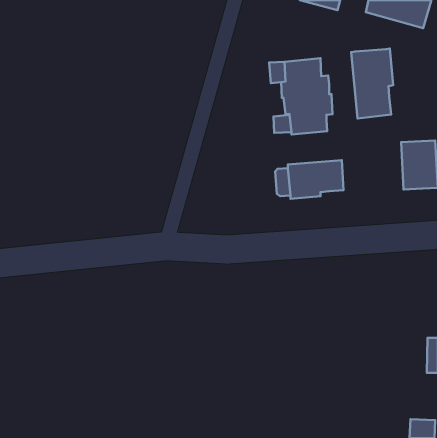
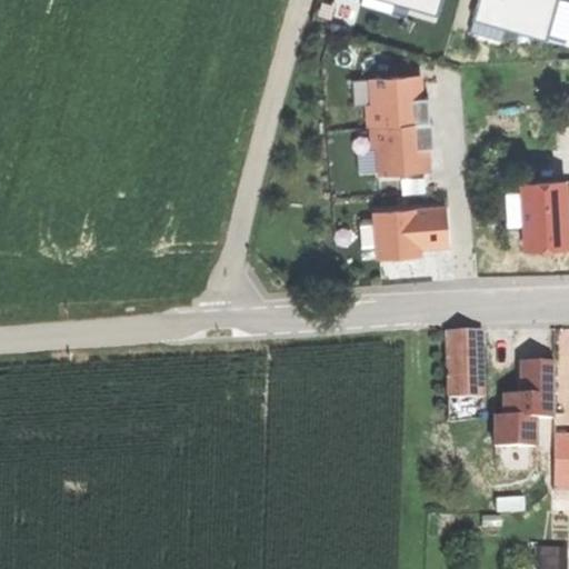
building: [351,48,393,118] -> none
building: none -> [451,332,482,398]
building: none -> [496,363,556,448]

